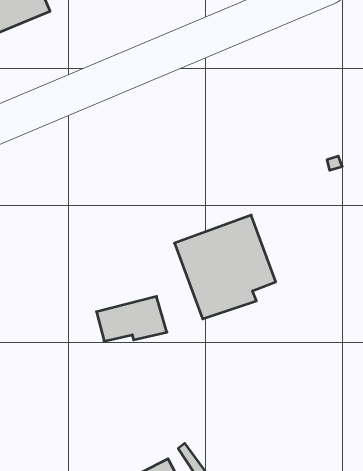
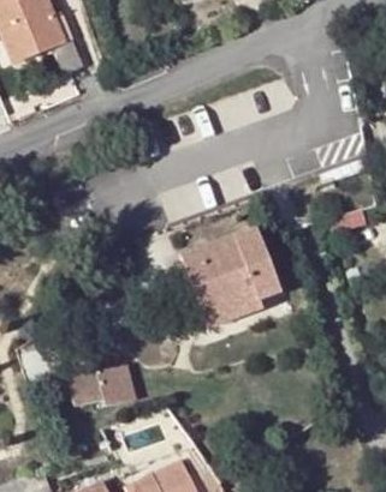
building: [96,296,167,341] -> [67,364,133,406]

